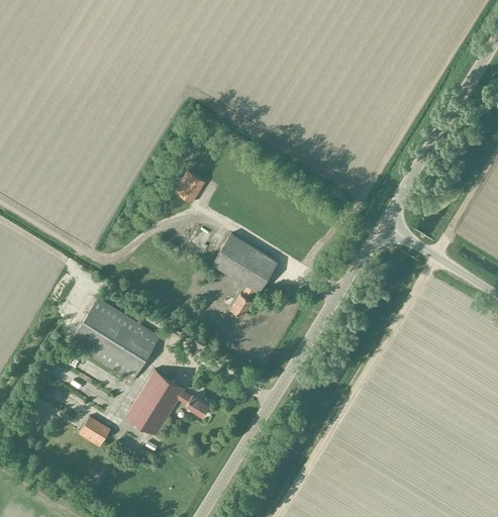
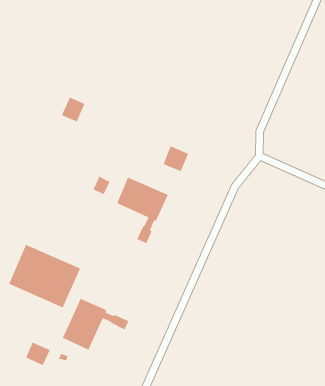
building: [174,171,205,203] -> [61,96,86,122]
building: none -> [162,145,189,172]

